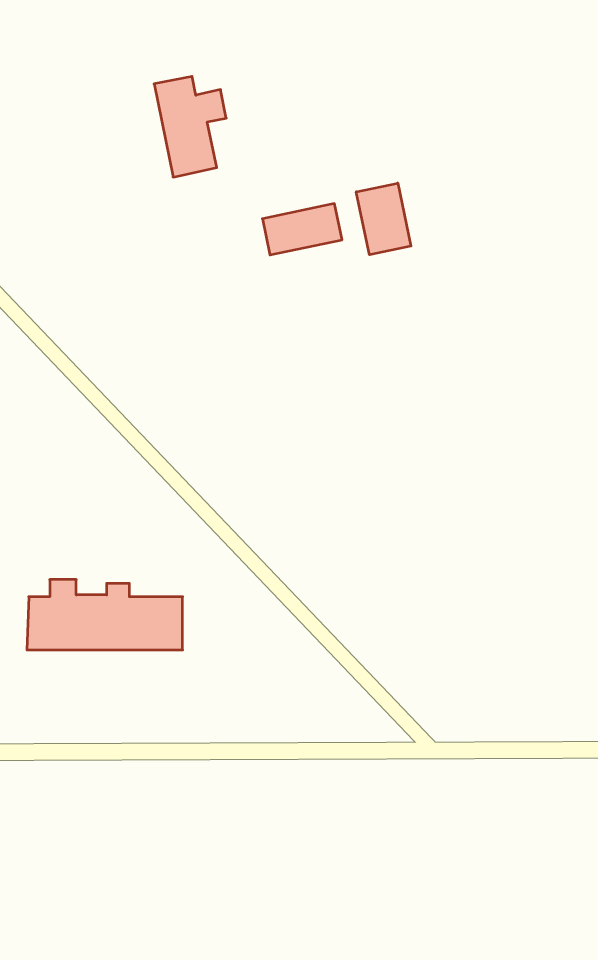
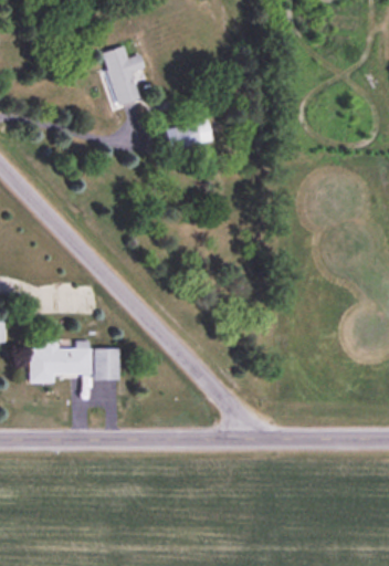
building: [356,183,411,255] -> none

